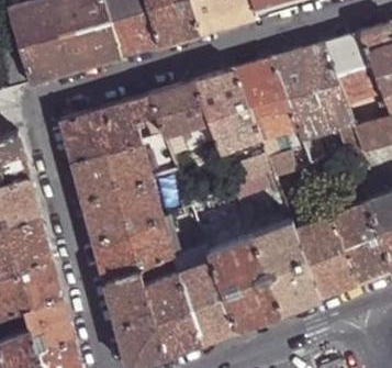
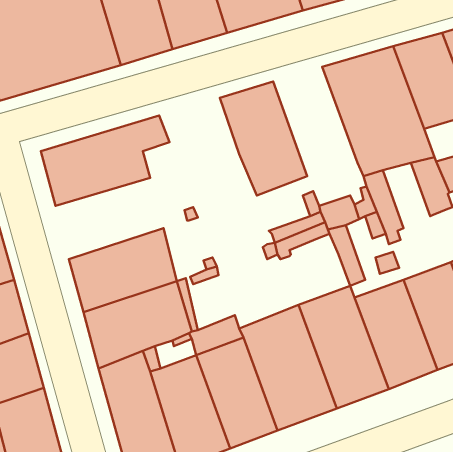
building: [233,59,295,141] -> none
building: [148,82,208,137] -> none
building: [71,142,152,202] -> none

